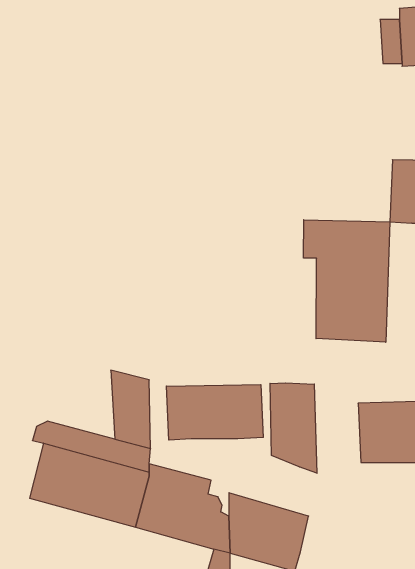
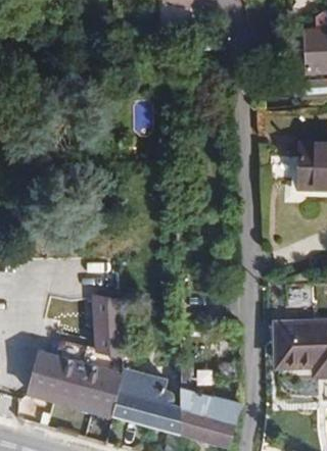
building: [304,220,390,342] -> none
building: [270,383,317,473] -> none
building: [166,385,263,440] -> none

